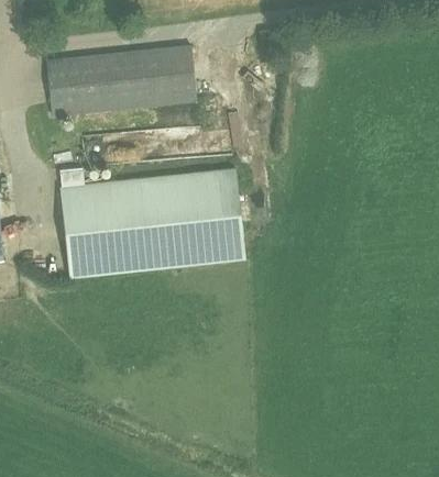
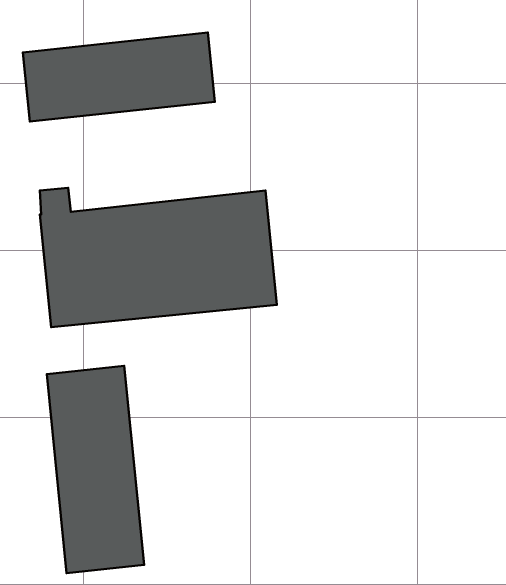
building: none -> [47,366,144,573]

